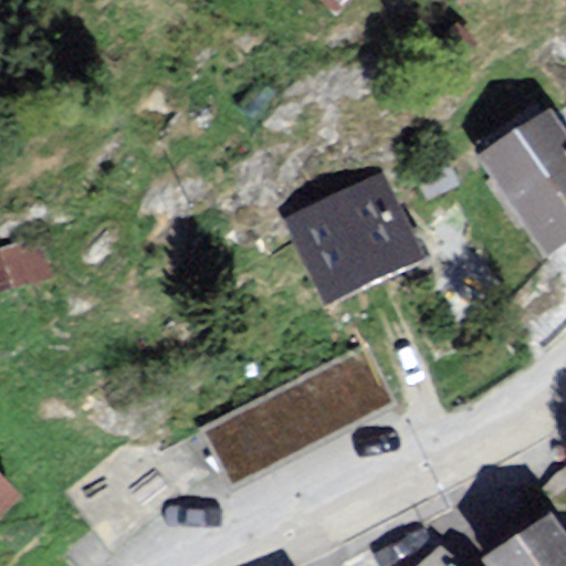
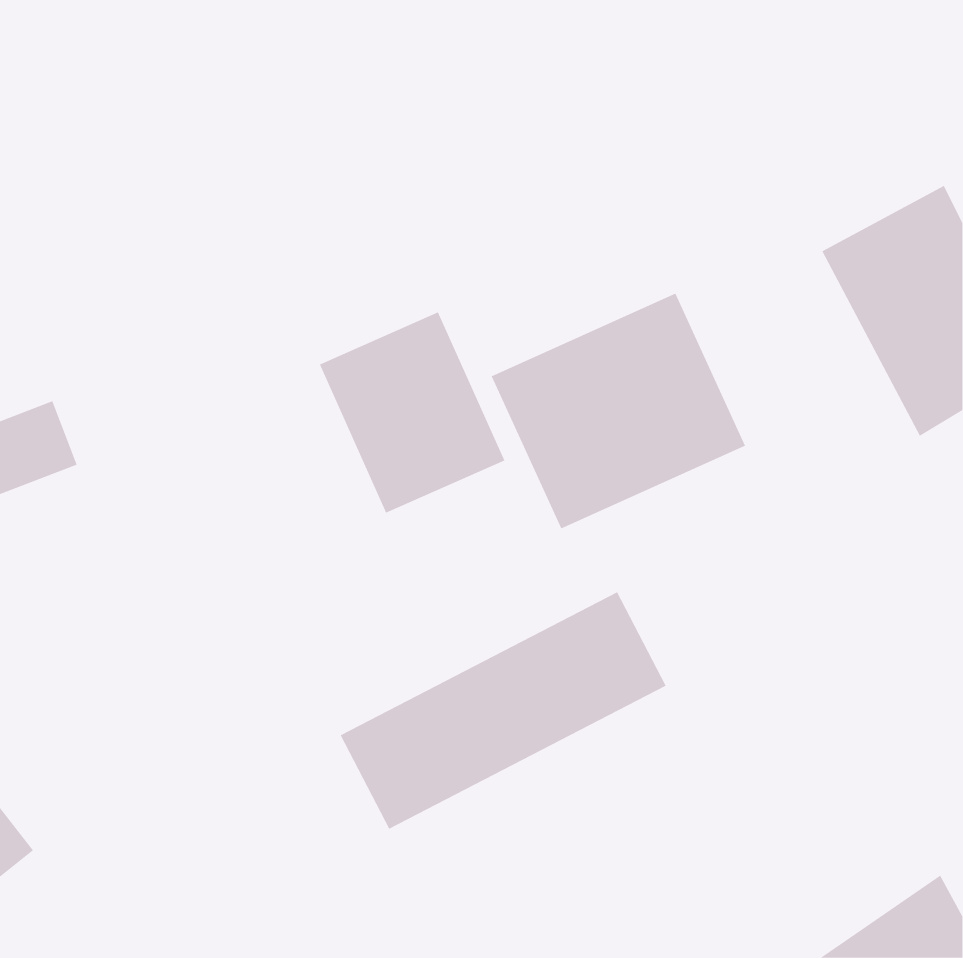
building: none -> [319,312,505,513]

